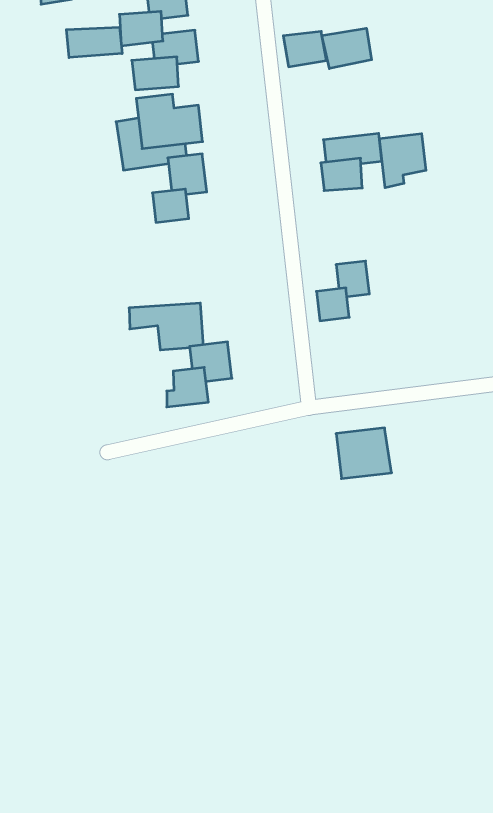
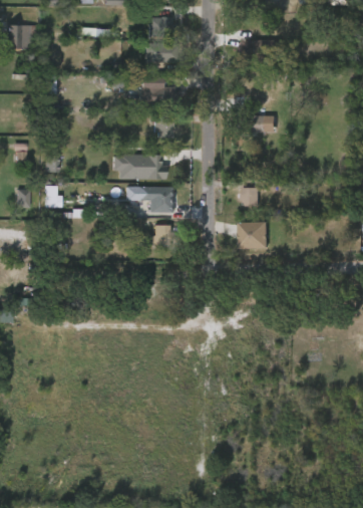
building: [66,27,122,58] -> none
building: [322,28,372,69] -> none
building: [379,134,426,188] -> none
building: none -> [110,156,162,180]
building: [336,428,392,479] -> [237,223,266,249]

